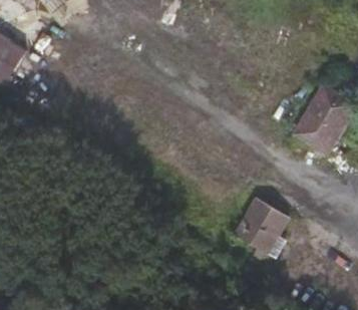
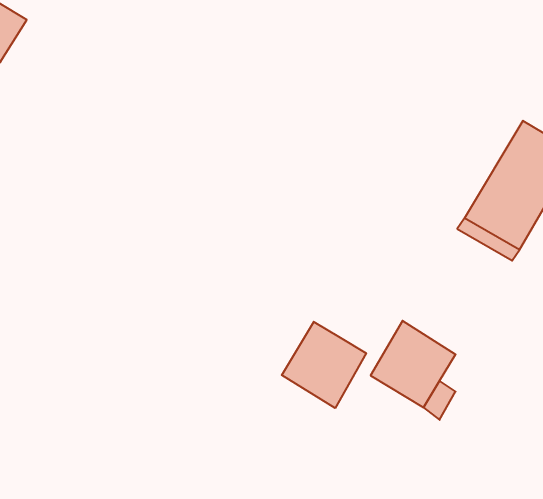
building: none -> [282,322,366,408]

